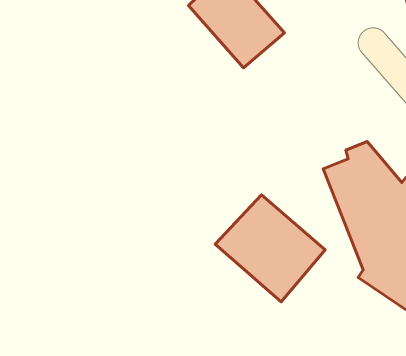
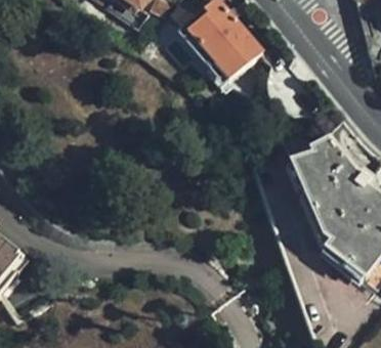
building: [215,195,325,302] -> none

